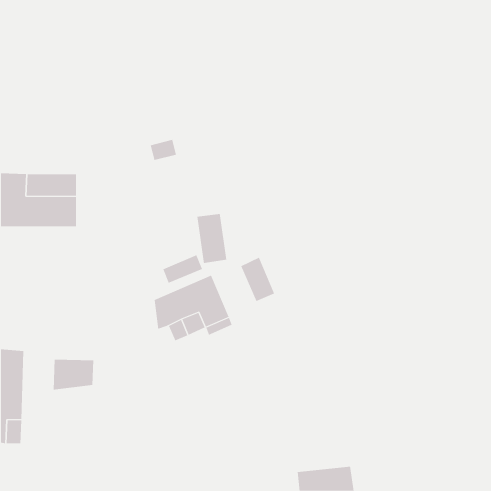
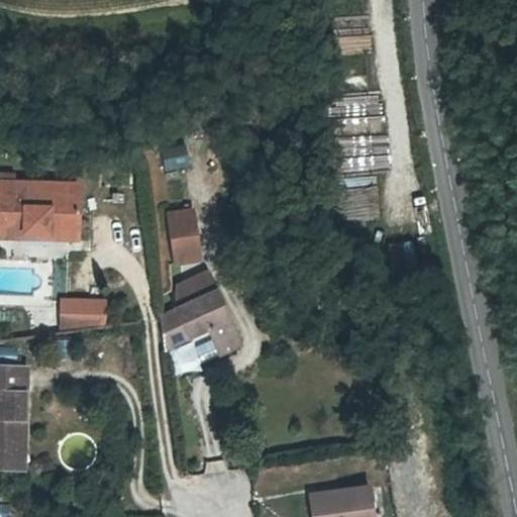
building: [197,214,227,264] -> [167,207,199,260]
building: [241,257,275,302] -> none
building: [53,359,94,390] -> [61,299,104,331]

